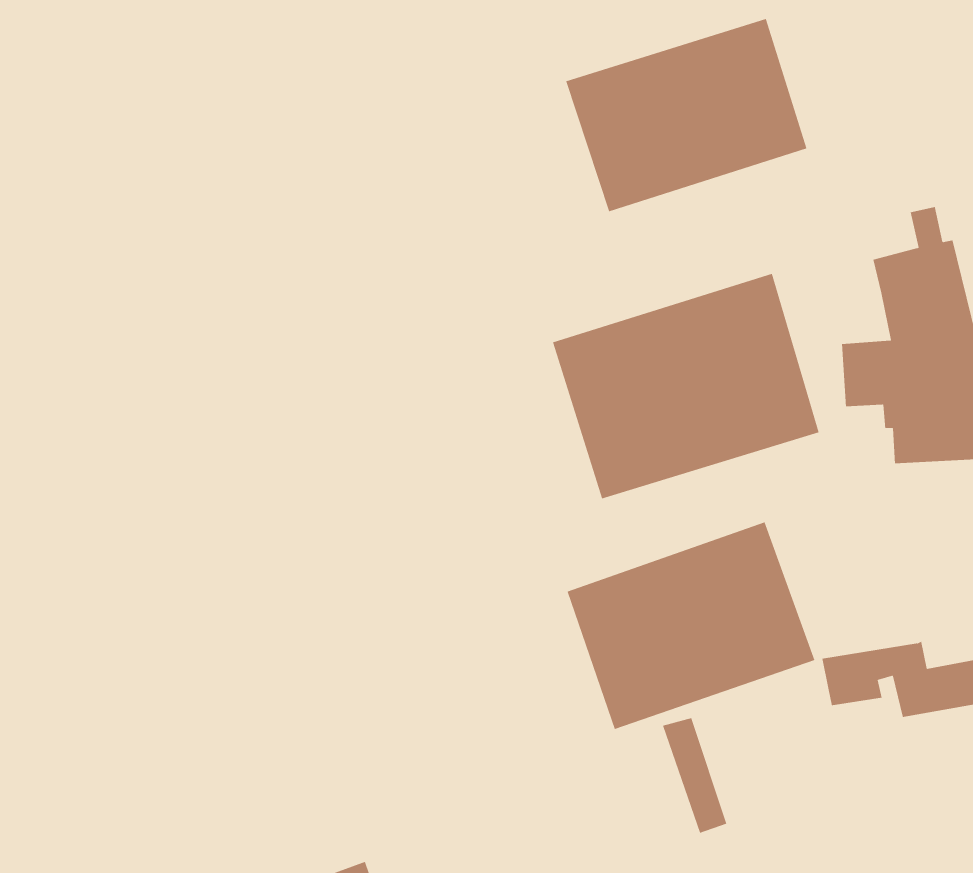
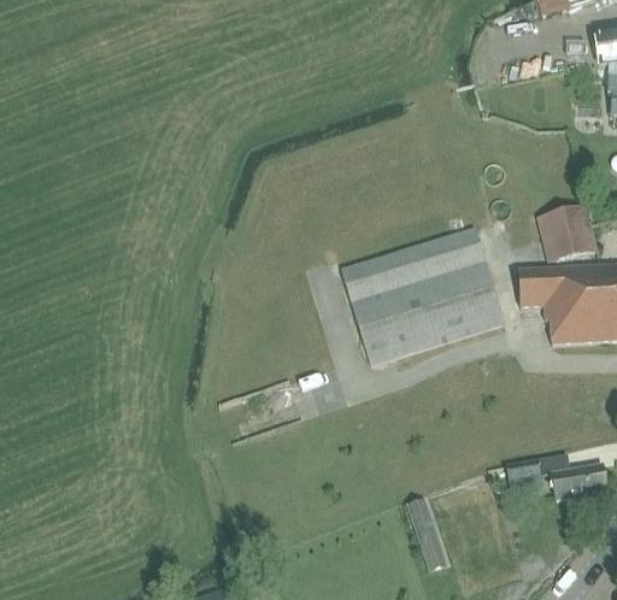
building: [565,18,807,212] -> none
building: [567,522,815,730] -> none

